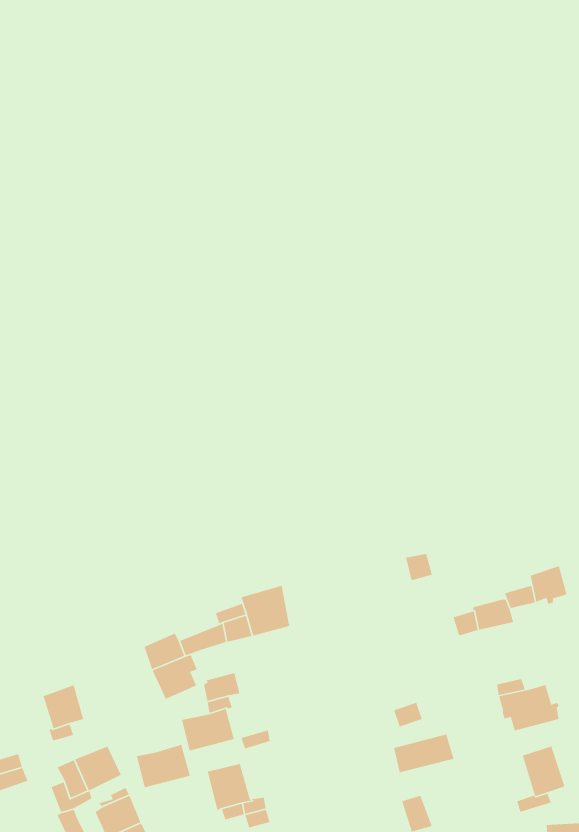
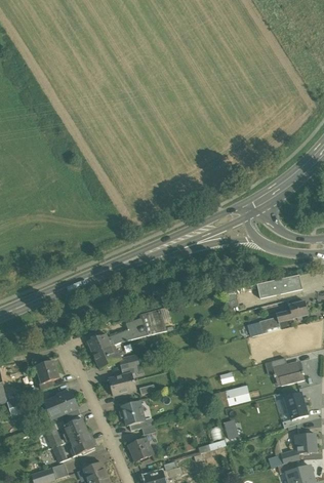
building: none -> [256,274,302,297]
building: [135,744,191,788] -> none

